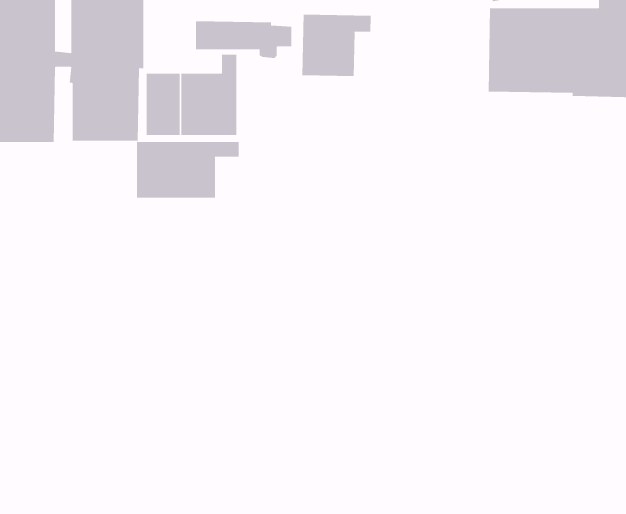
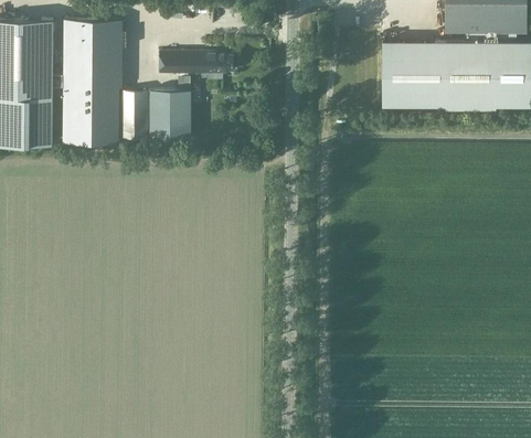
building: [302,14,371,77] -> none
building: [136,141,239,199] -> none

